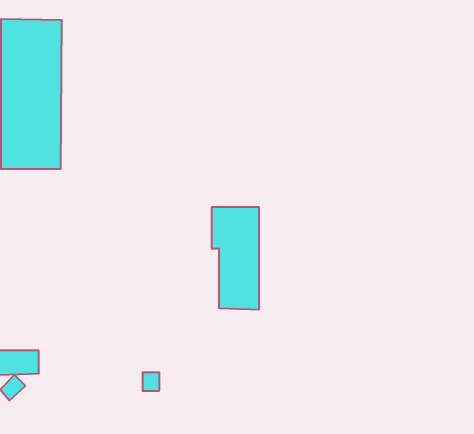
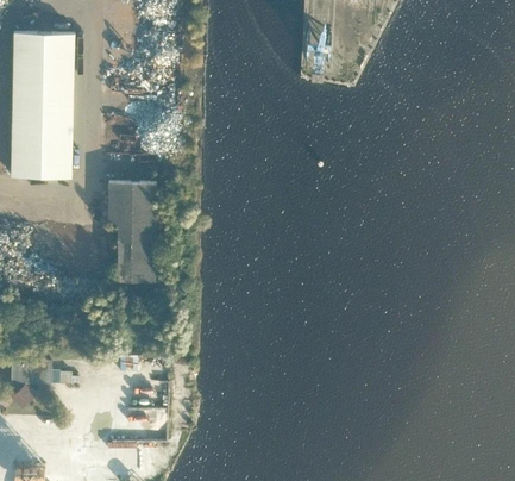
building: [212,207,259,310] -> [108,177,155,277]

